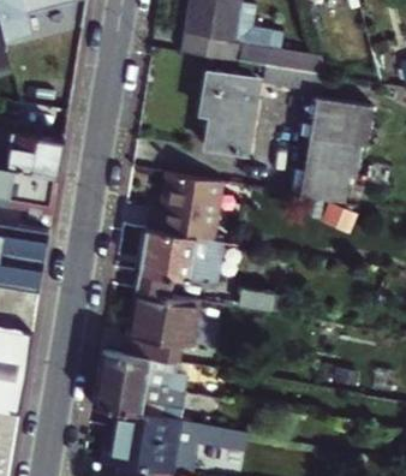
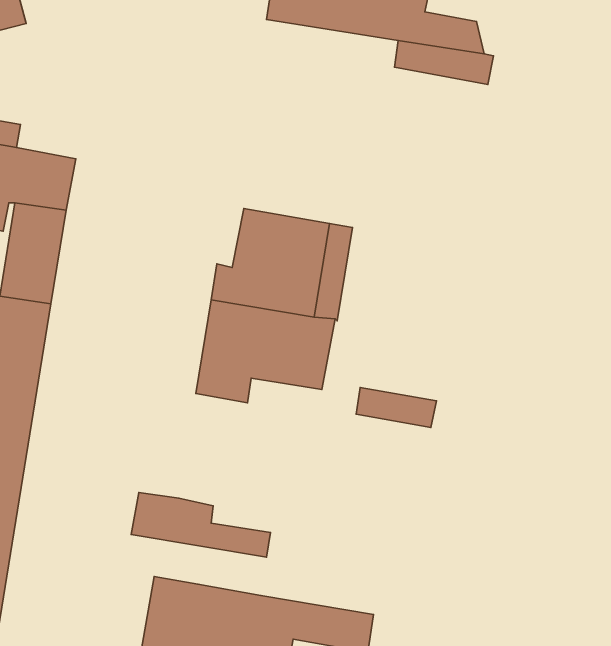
building: [198,75,257,157] -> none
building: [300,99,372,204] -> none
building: [126,291,199,367] -> none
building: [92,380,181,411] -> none

